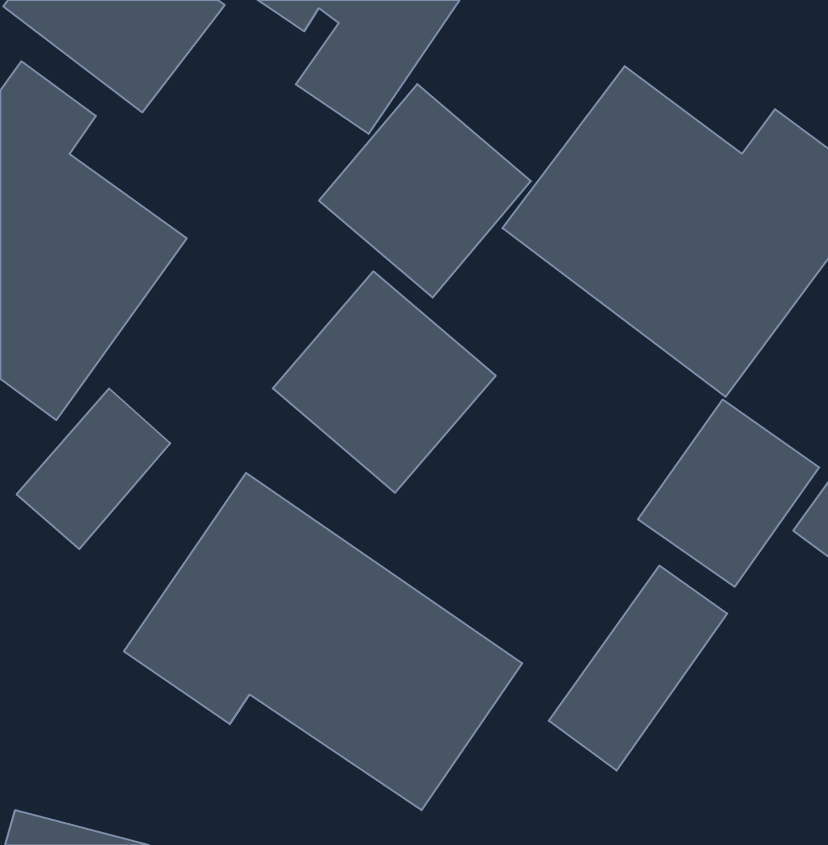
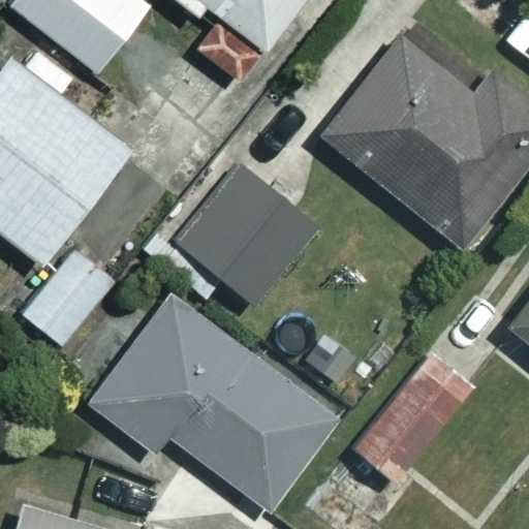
building: [319,84,531,298] -> none
building: [638,400,819,587] -> none

